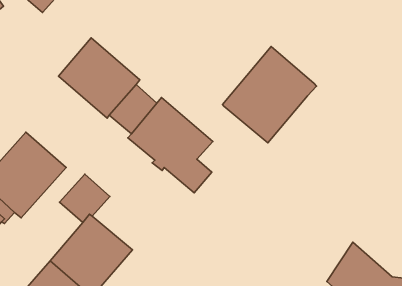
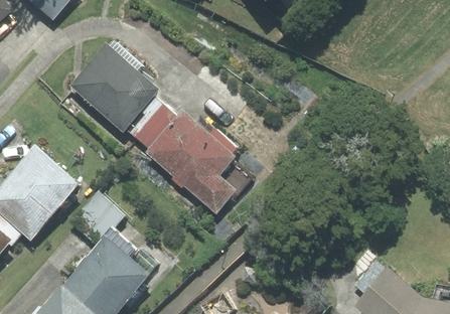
building: [223,47,316,143] -> none

